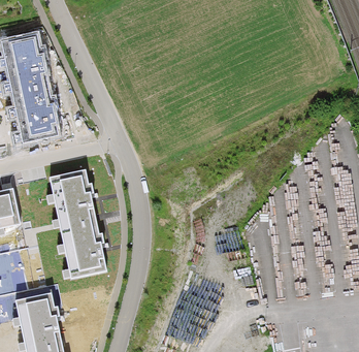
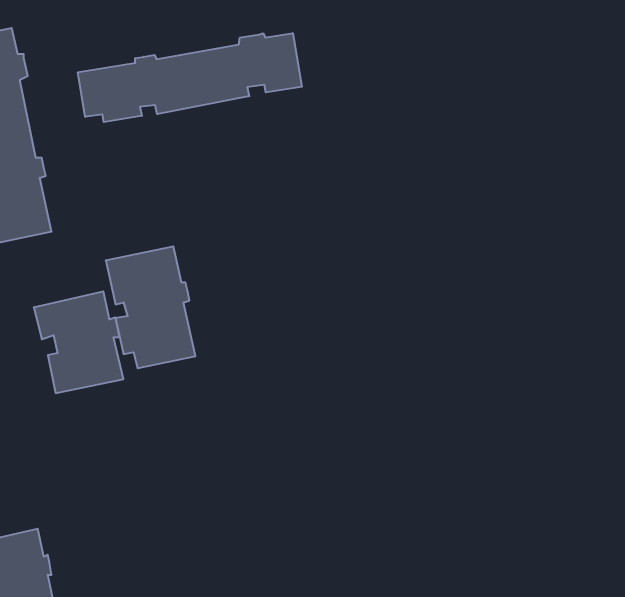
building: none -> [78,33,302,122]
building: [60,215,106,278] -> [106,246,195,368]

